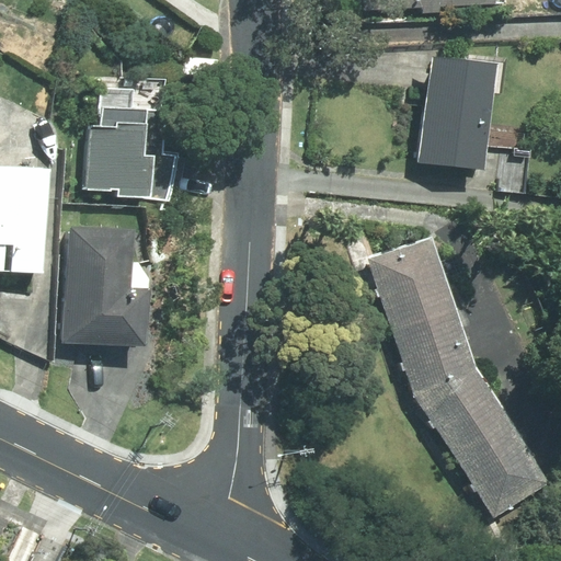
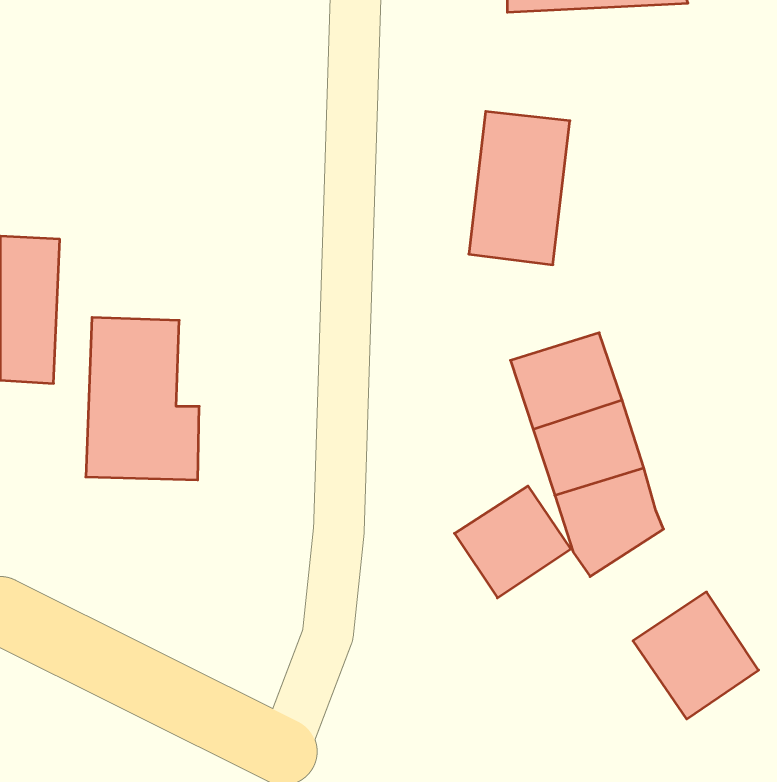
building: [421,56,493,165] -> [469,111,570,265]
building: [80,77,159,204] -> none
building: [426,378,510,458] -> [454,486,571,598]

